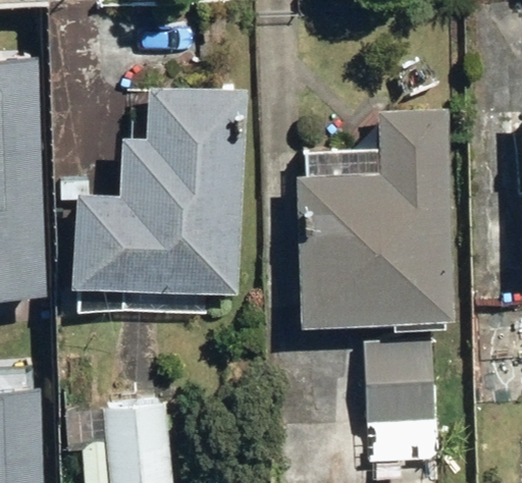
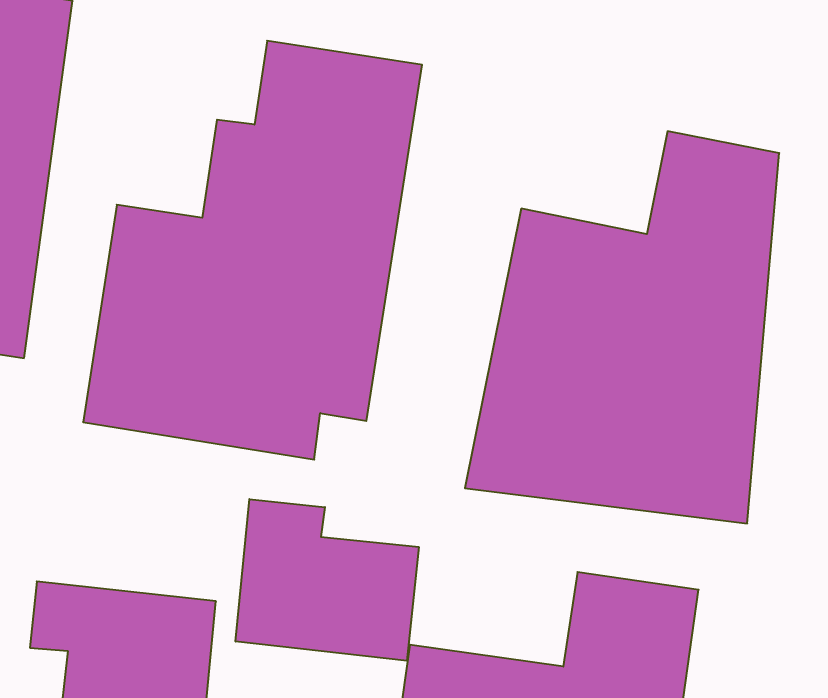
building: none -> [236,499,419,661]

